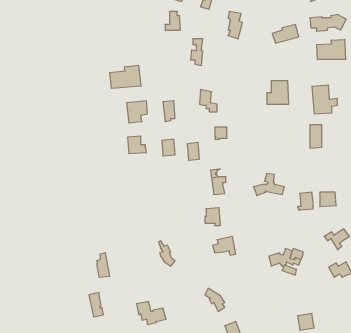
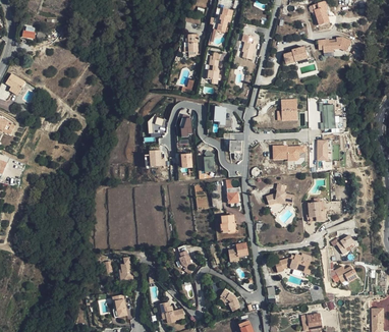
building: [317,39,346,60] -> none
building: [110,65,141,88] -> none
building: none -> [272,145,305,168]

